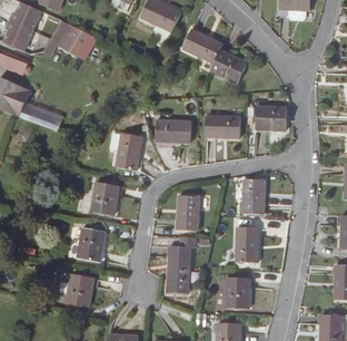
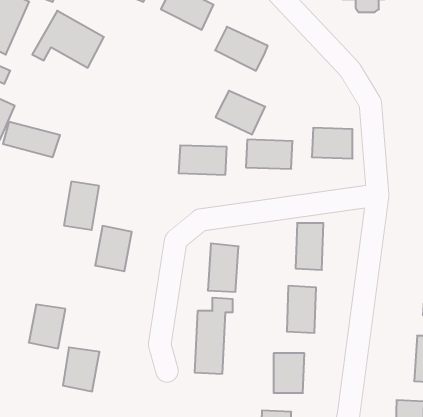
building: [210,50,248,84] -> [216,91,265,135]
building: [117,134,143,170] -> [64,182,99,230]
building: [78,228,106,262] -> [29,305,65,348]

